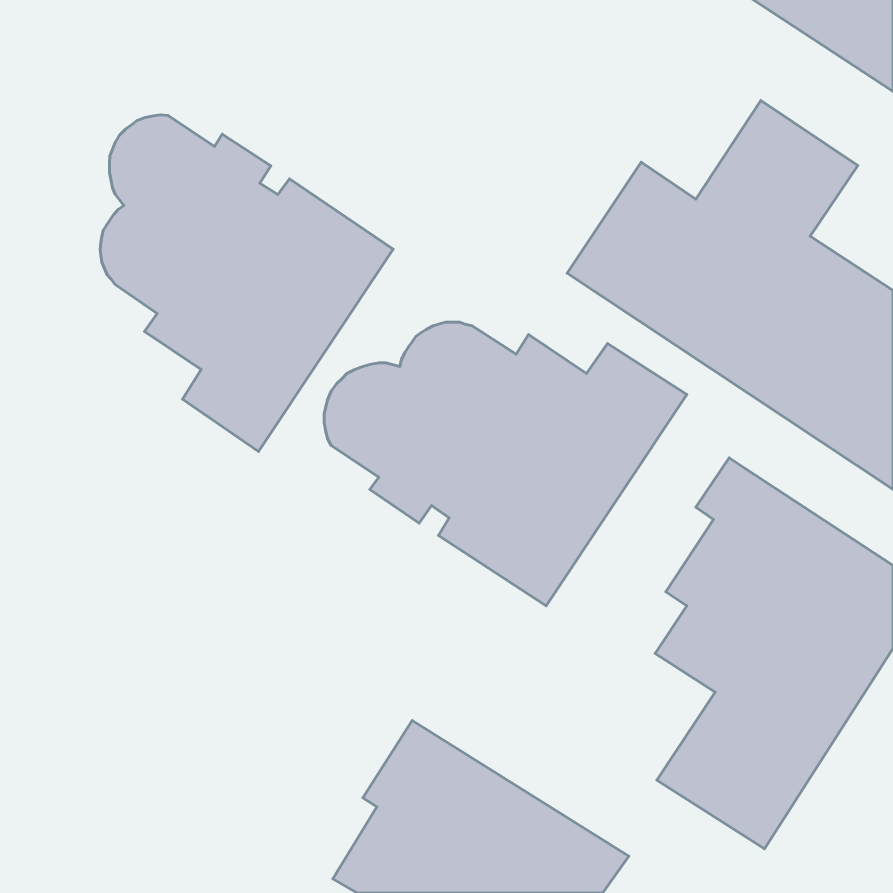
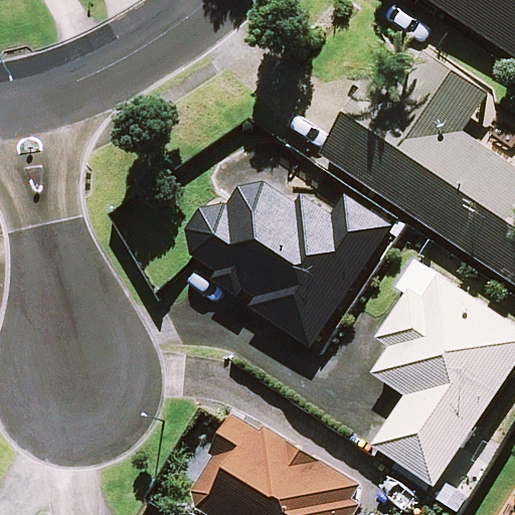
building: [100,115,393,451] -> none

